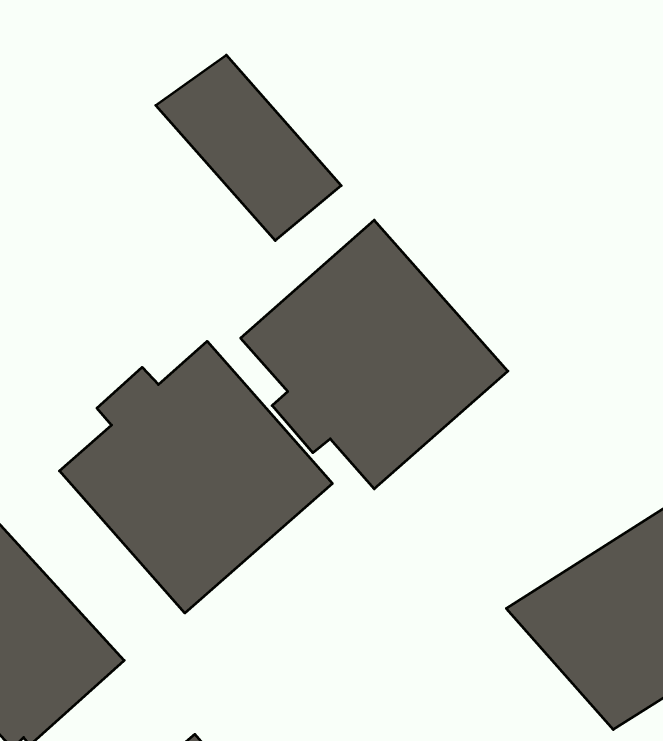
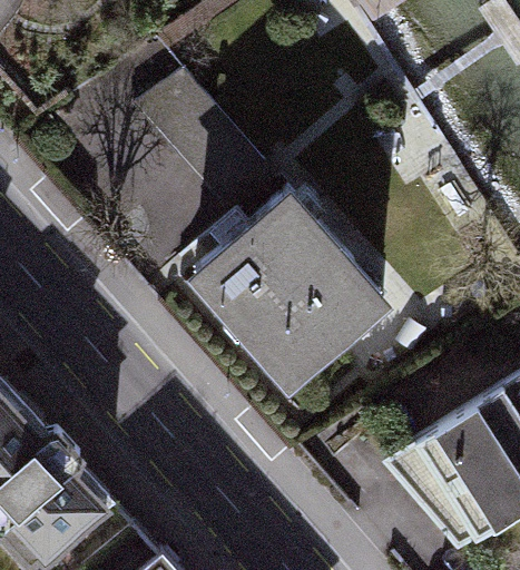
building: [59,341,332,613] -> none

